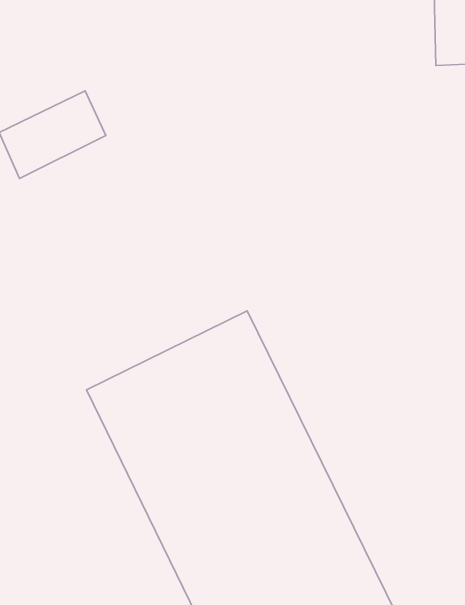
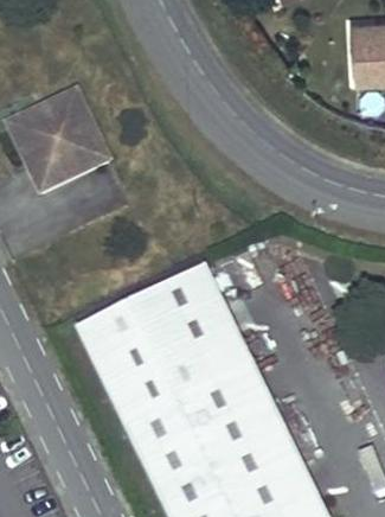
building: none -> [24,128,109,196]

